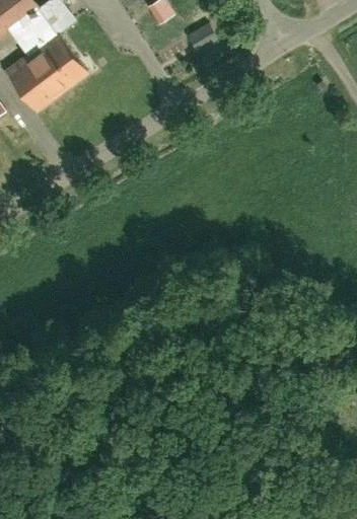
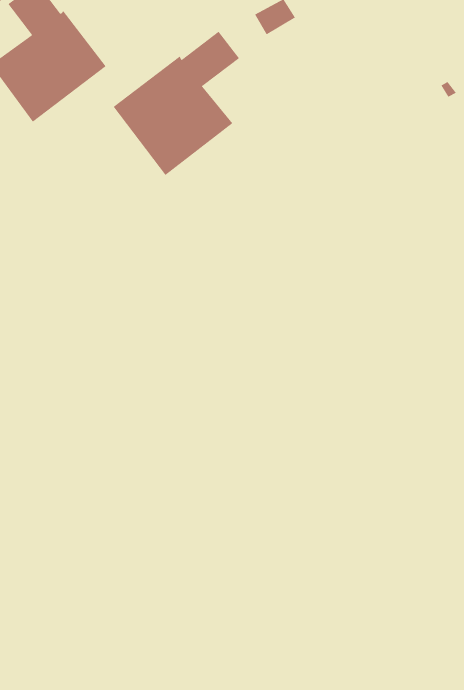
building: none -> [113,31,240,176]

